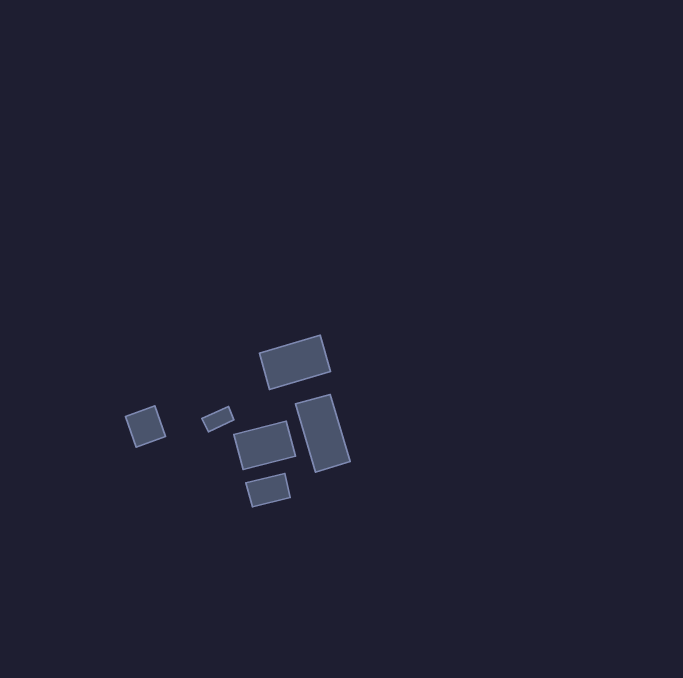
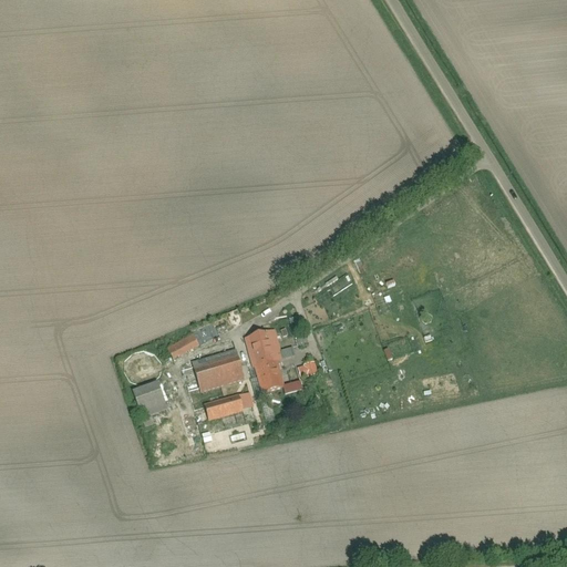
building: [259,335,330,390] -> none
building: [125,406,166,447] -> [133,383,166,417]

